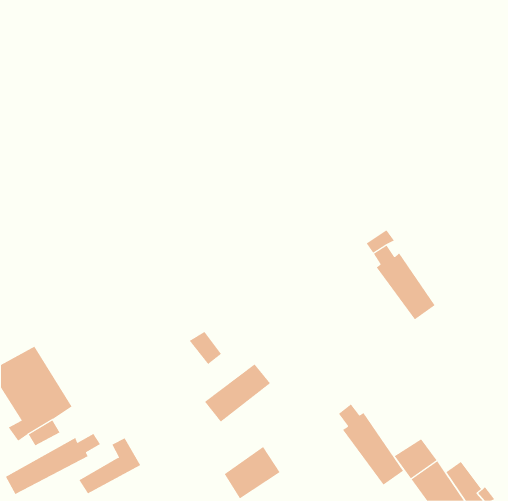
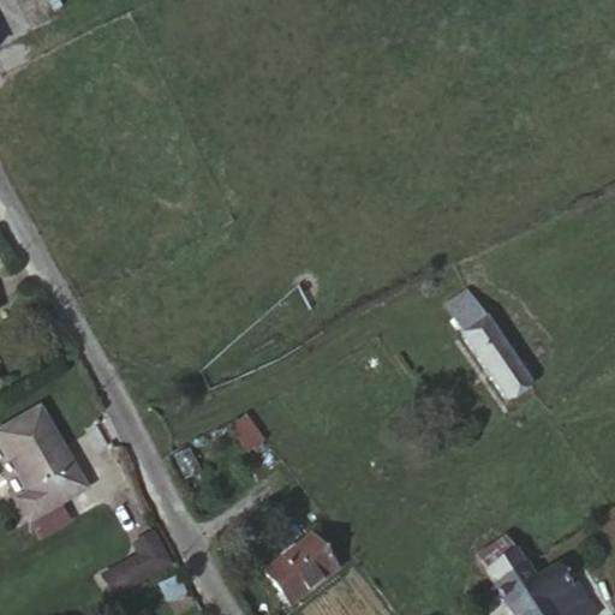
building: [204,363,271,423] -> none
building: [338,404,404,485] -> none
building: [5,433,101,495] -> none

